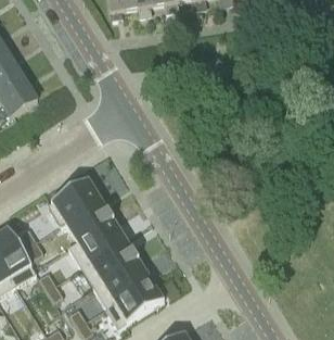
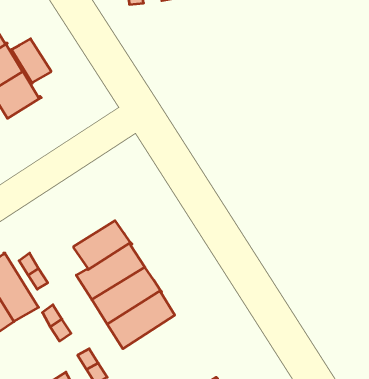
building: none -> [11,39,51,83]
building: [49,178,101,225] -> none
building: [107,279,165,327] -> none

